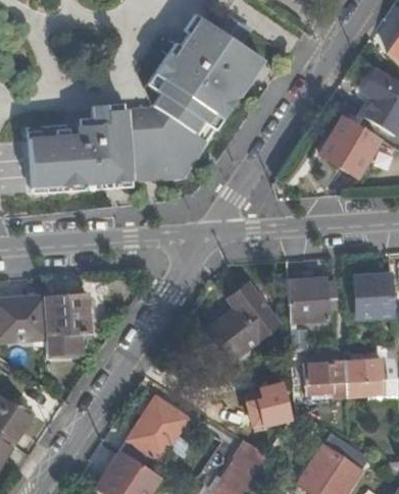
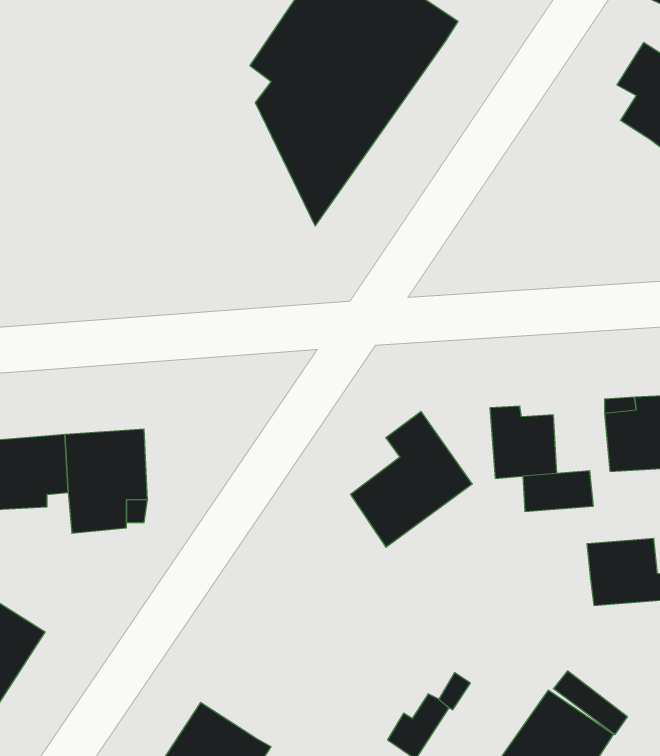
building: [31,103,187,184] -> none
building: [318,119,378,176] -> none
building: [305,361,346,384] -> [523,471,593,511]
building: [247,385,289,426] -> none
building: [120,398,187,473] -> none

